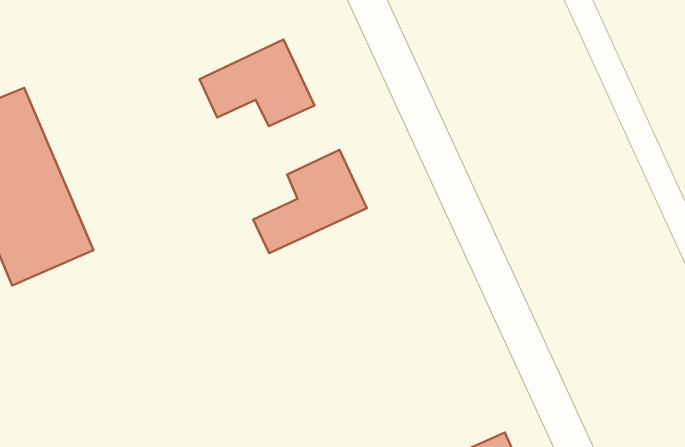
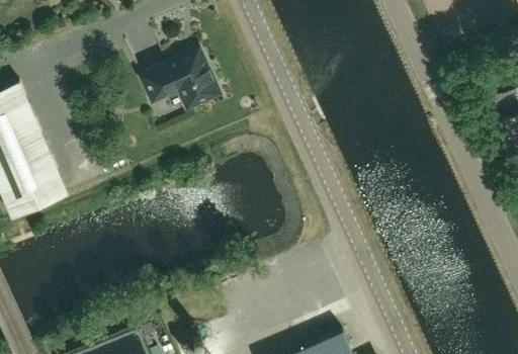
building: [253,150,367,253] -> none

